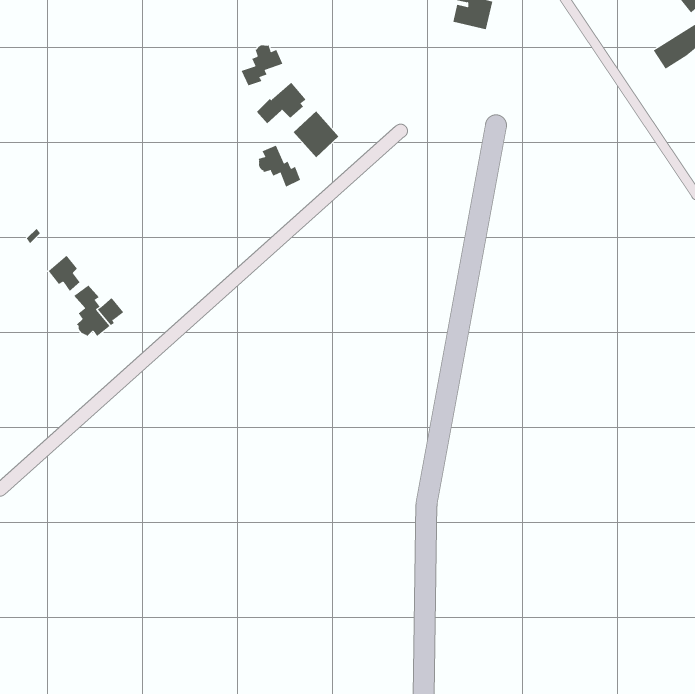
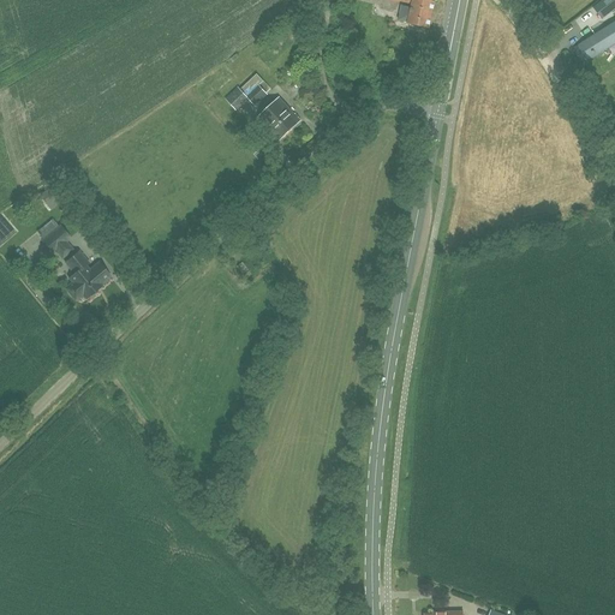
building: [241,45,283,86] -> none
building: [258,145,301,187] -> none

